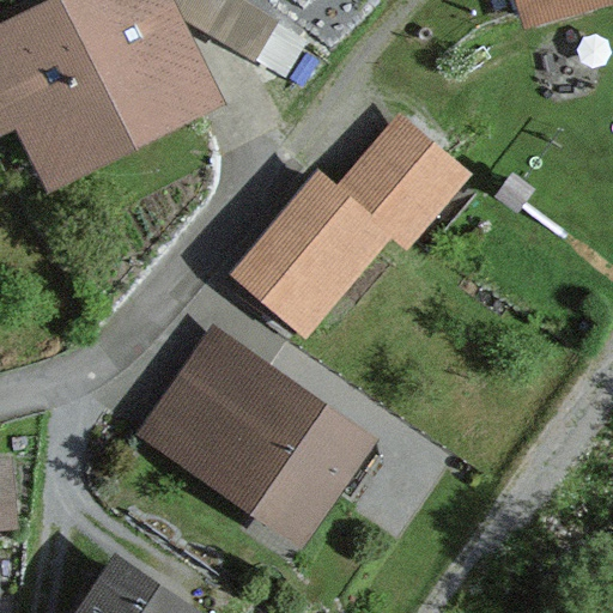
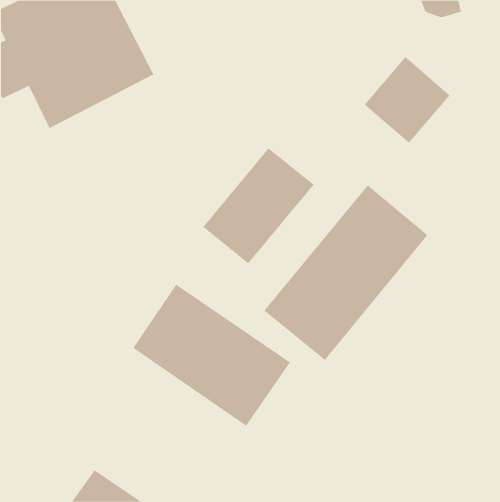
building: [352,127,457,233] -> [364,56,450,144]
building: none -> [264,185,428,361]

